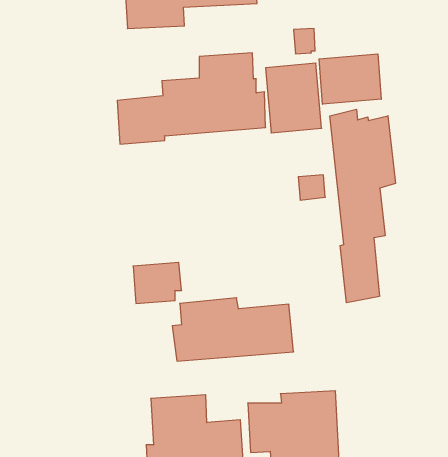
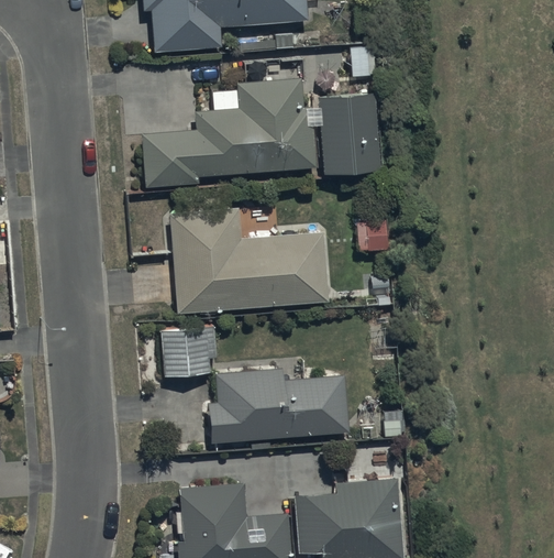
building: [319,54,381,104] -> none
building: [330,109,396,303] -> none
building: none -> [169,209,329,315]

